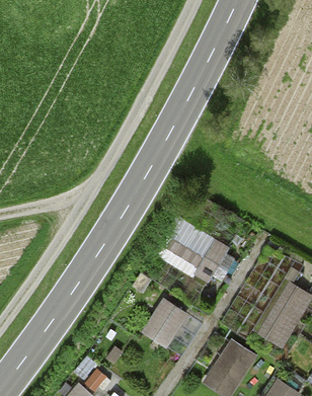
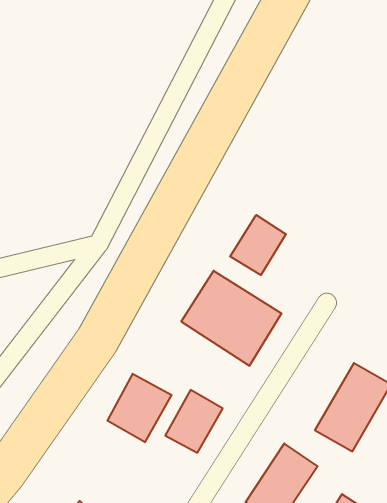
building: none -> [230,215,286,275]
building: none -> [107,374,171,442]

